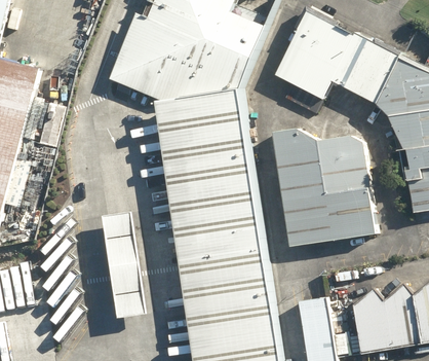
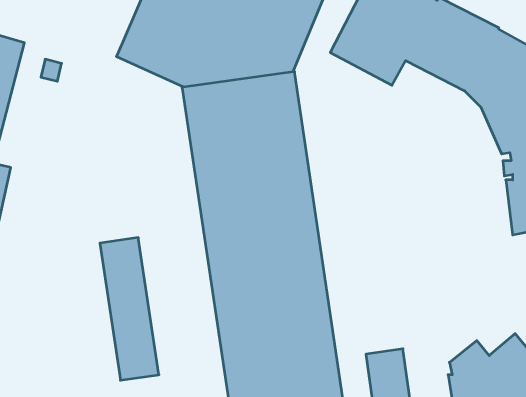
building: [271,129,373,247] -> none

